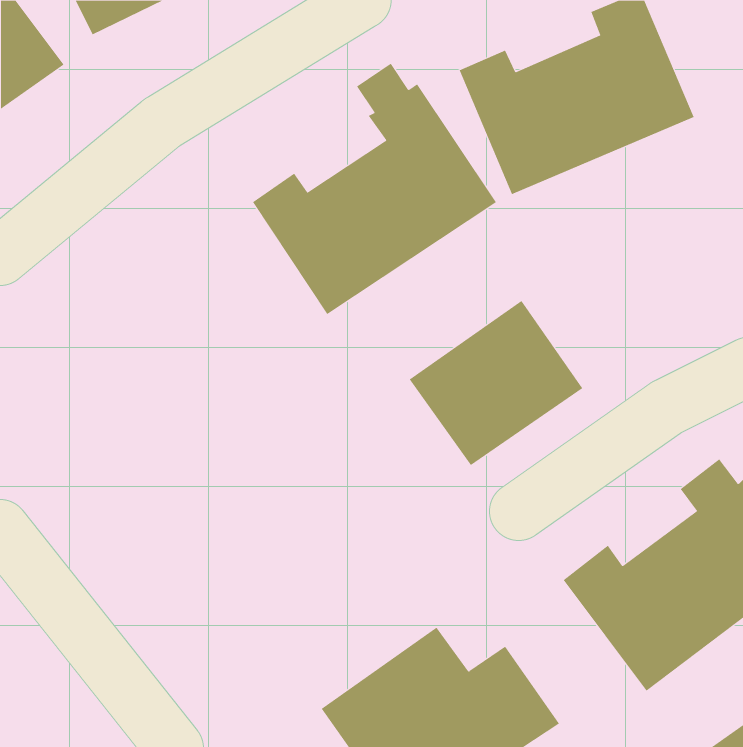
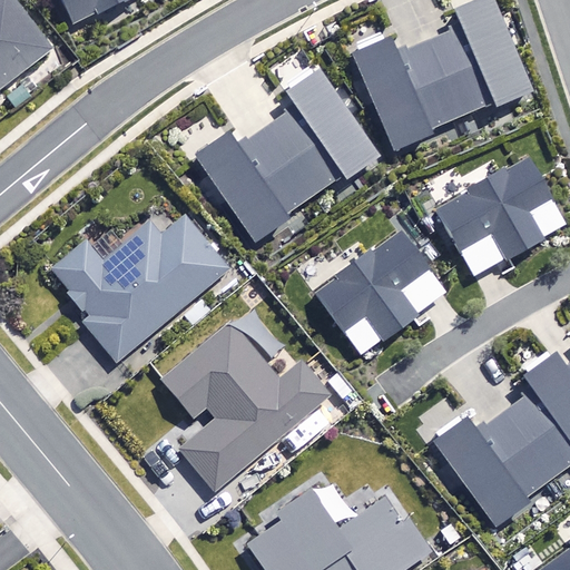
building: none -> [435,156,564,276]
building: none -> [48,202,229,361]
building: none -> [159,303,325,491]

